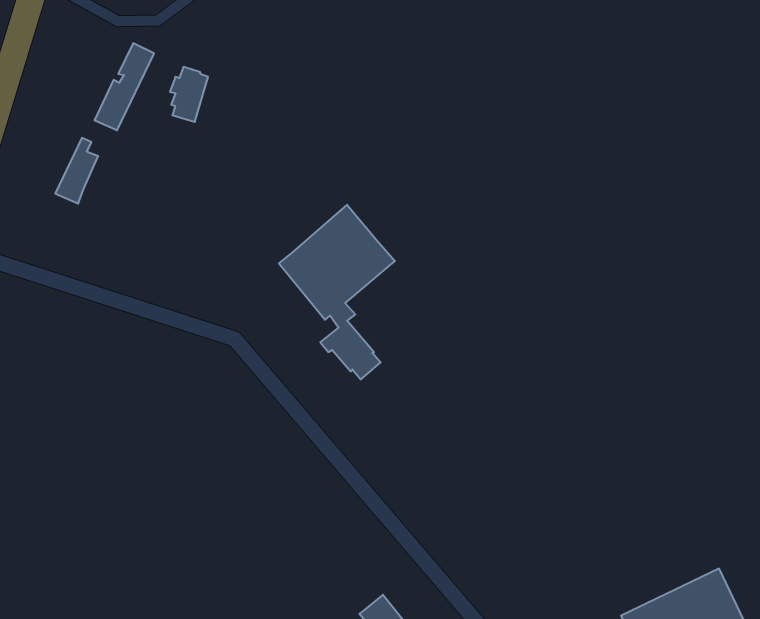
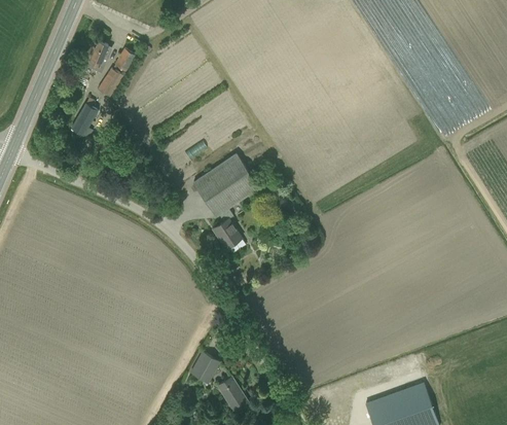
building: [170,67,208,122] -> [89,41,112,73]
building: none -> [190,352,220,383]

